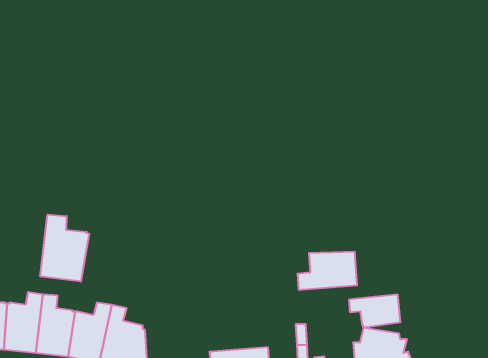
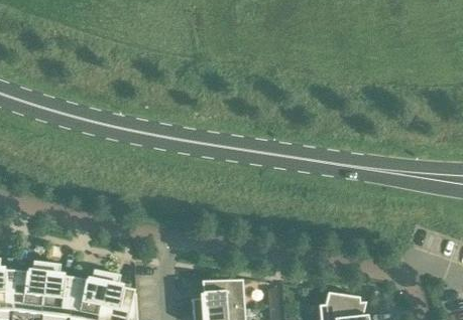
building: [40,215,89,282] -> none
building: [297,252,357,290] -> [192,280,244,313]
building: [349,294,400,328] -> none

